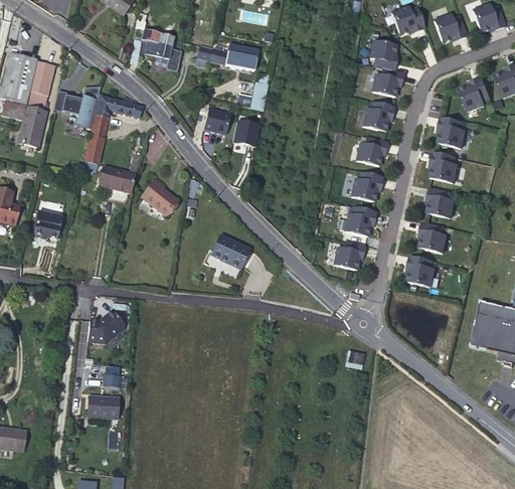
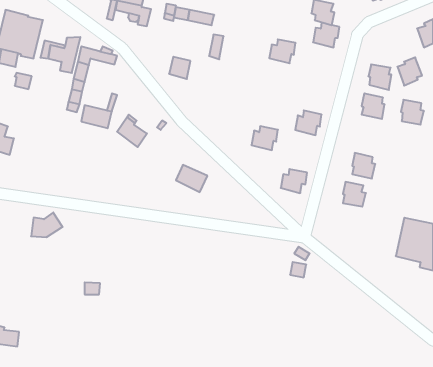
building: [460,76,489,110] -> [397,57,422,86]
building: [362,103,393,131] -> [269,39,296,63]
building: [22,107,45,131] -> none
building: [231,120,259,145] -> none
building: [355,137,386,165] -> none
building: [426,187,454,216] -> [401,100,424,125]
building: [33,207,61,234] -> none
building: [344,207,375,235] -> [251,126,278,150]
building: [87,312,124,341] -> [31,212,63,237]
building: [87,393,119,417] -> none

